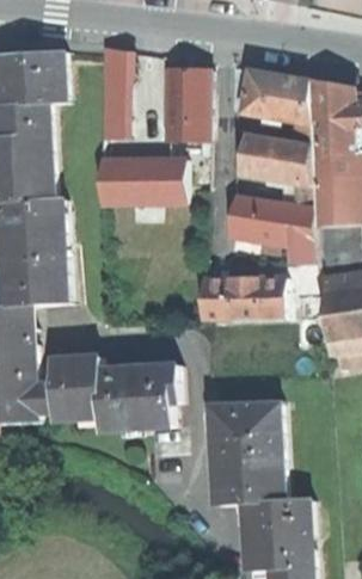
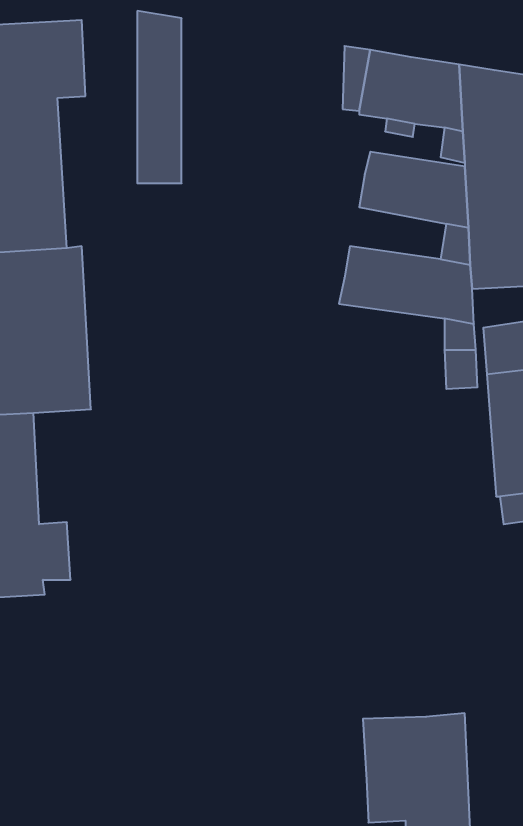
building: [166,68,208,141] -> none
building: [99,156,184,199] -> none
building: [204,278,284,319] -> none
building: [53,357,180,430] -> none
building: [211,400,286,504] -> none

